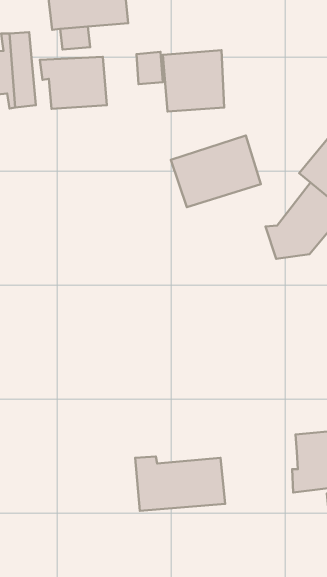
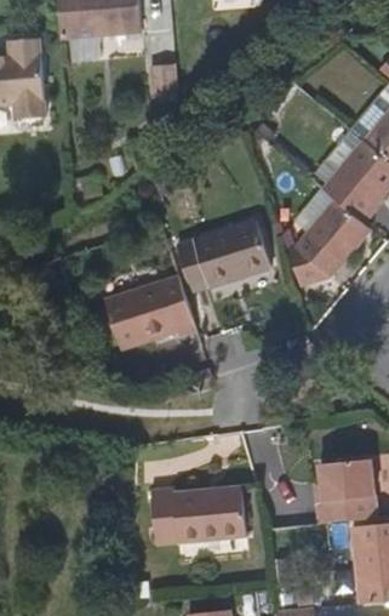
building: [163,50,224,112] -> none
building: [40,57,107,109] -> none
building: [171,136,261,207] -> [176,216,270,291]
building: none -> [105,274,195,348]

